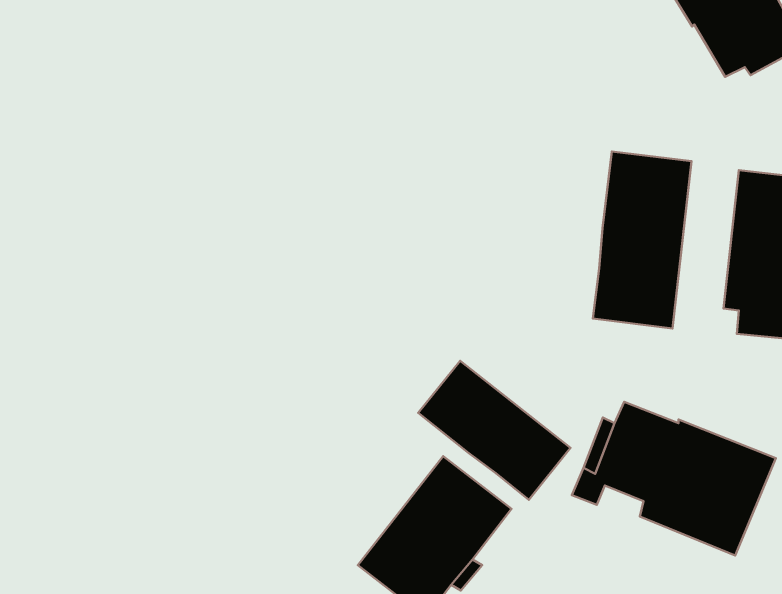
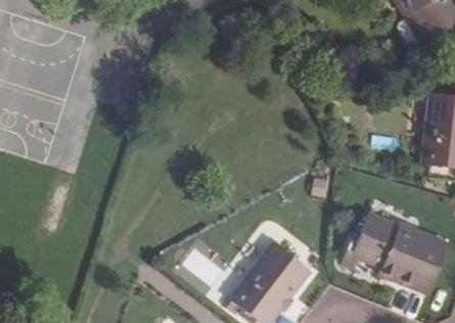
building: [593,151,691,328] -> none
building: [418,361,571,500] -> none

